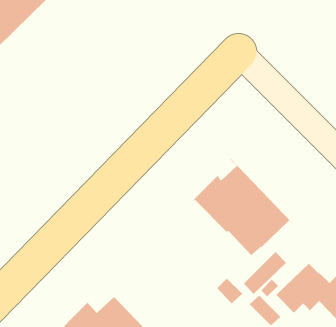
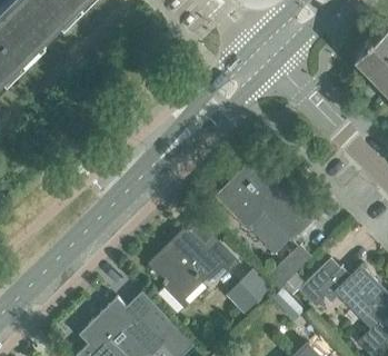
building: none -> [148,229,240,315]

